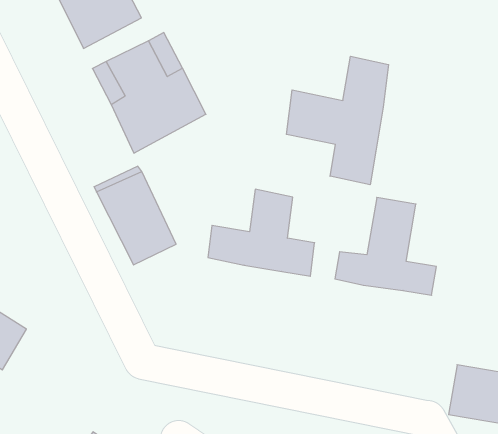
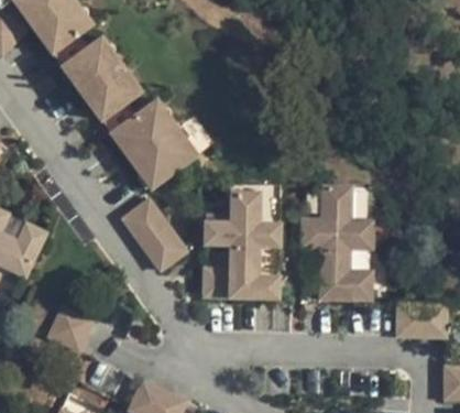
building: [286,56,389,185] -> none
building: none -> [210,250,285,302]
building: none -> [324,249,373,301]

